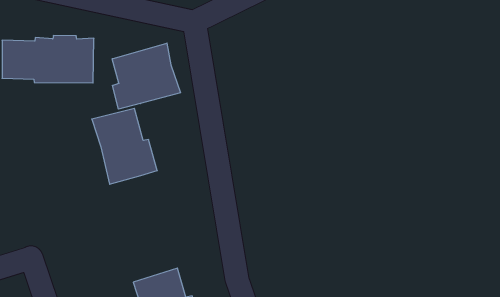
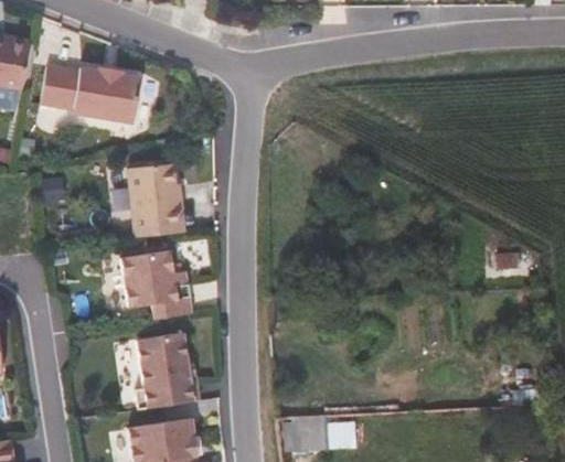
building: [112,43,181,109] -> none
building: none -> [118,246,190,314]

